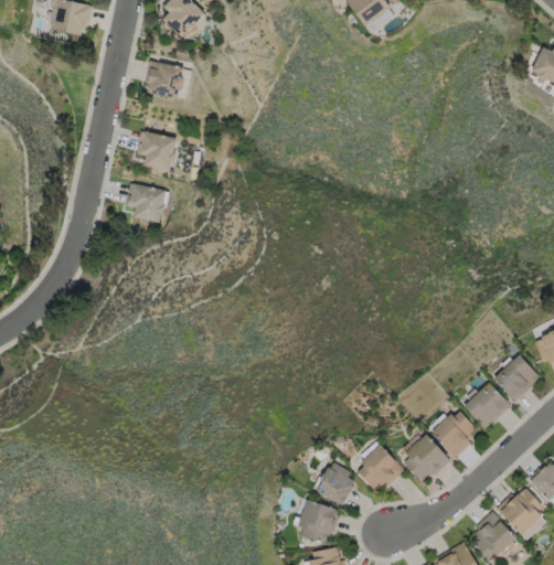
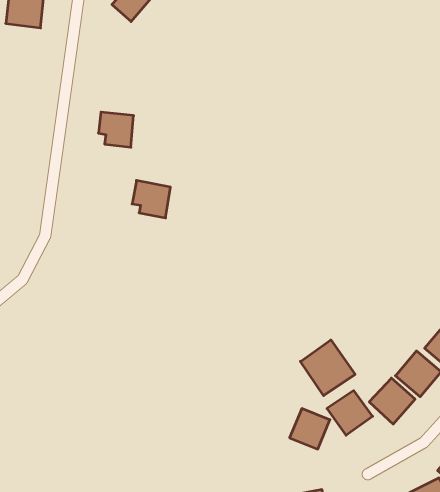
building: [145,60,187,97] -> none
building: [126,181,168,223] -> [132,180,170,218]
building: none -> [300,340,355,396]
building: [295,499,339,541] -> none

